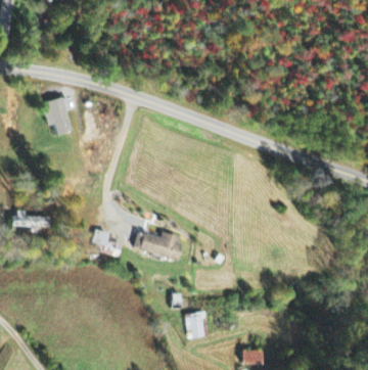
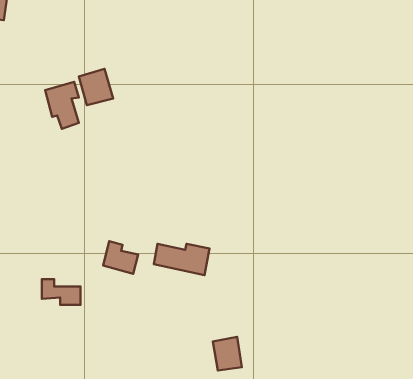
building: none -> [79,69,113,105]
building: [13,210,46,231] -> [42,279,81,305]

